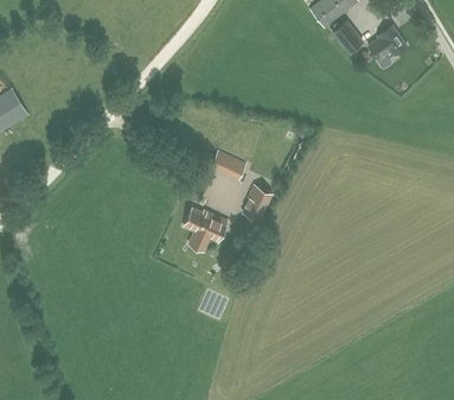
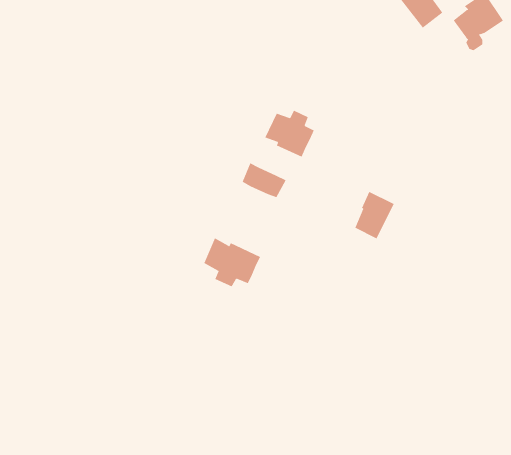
building: none -> [264,110,315,158]
building: [243,184,273,220] -> [354,191,394,239]

